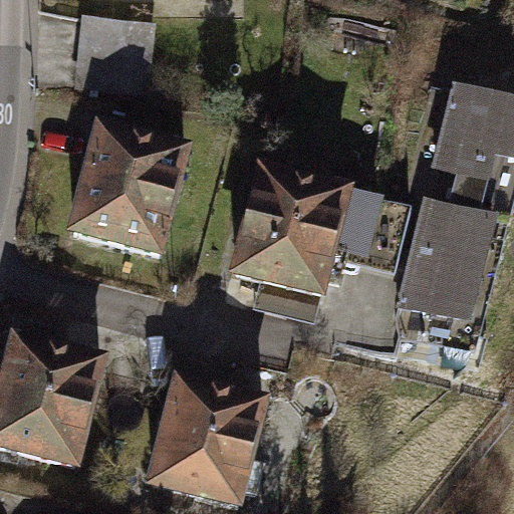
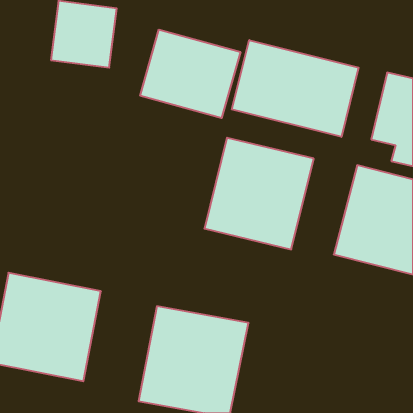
building: none -> [140,30,240,118]
building: none -> [232,40,359,137]
building: [72,125,213,259] -> none

